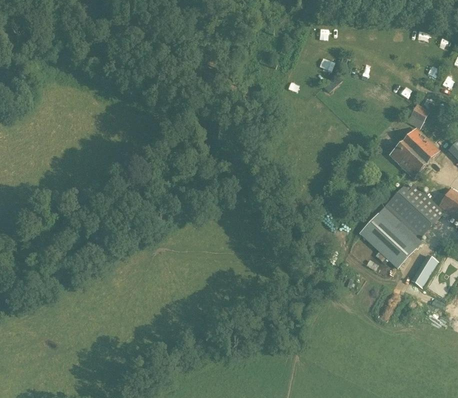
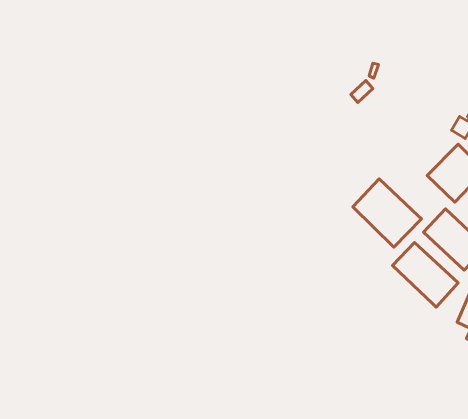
building: none -> [353,179,422,247]

